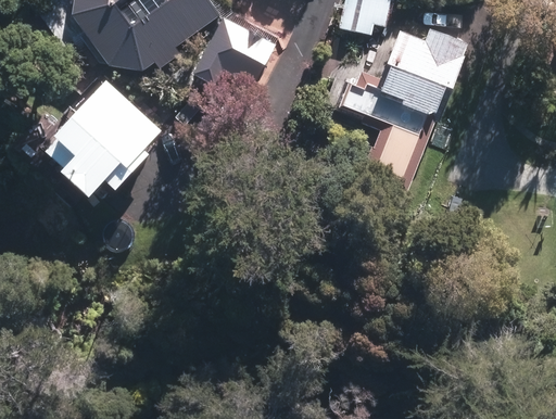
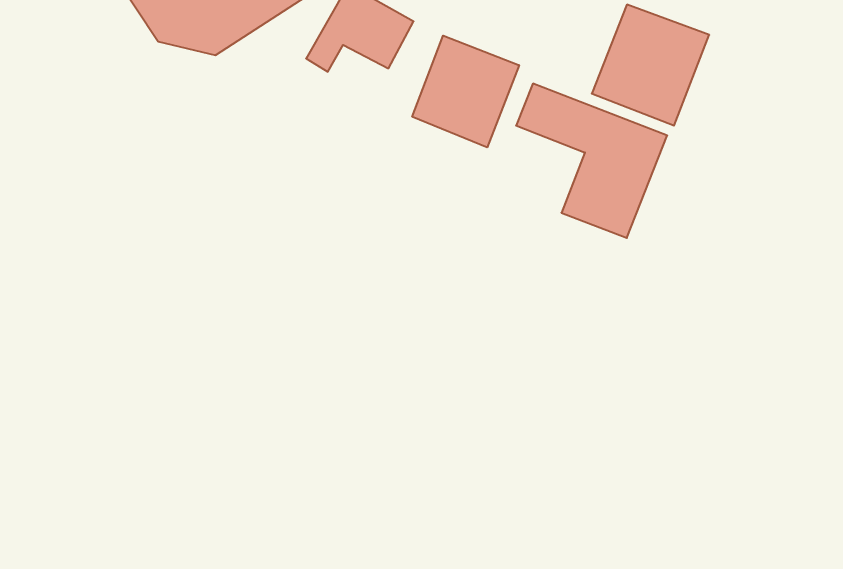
building: none -> [412,36,519,147]
building: [53,86,153,186] -> none

